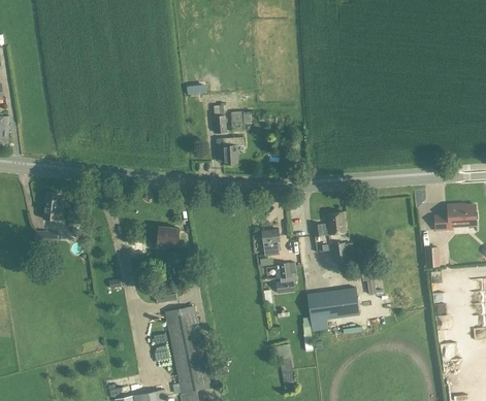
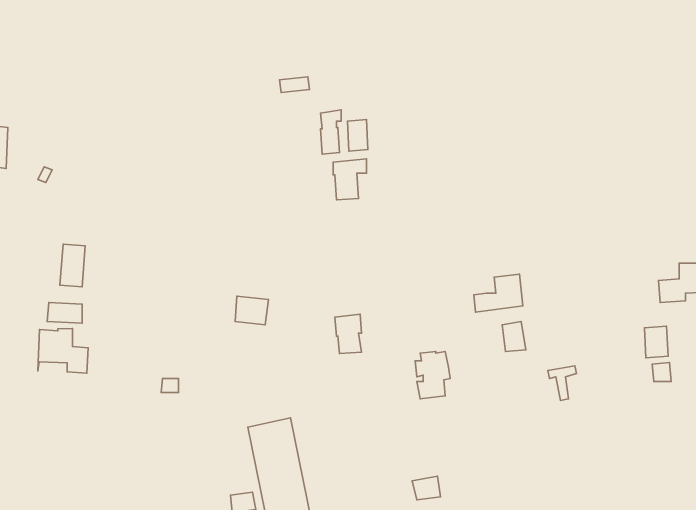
building: [260,230,278,256] -> [335,314,362,354]
building: none -> [38,329,88,373]
building: [311,280,356,319] -> none

